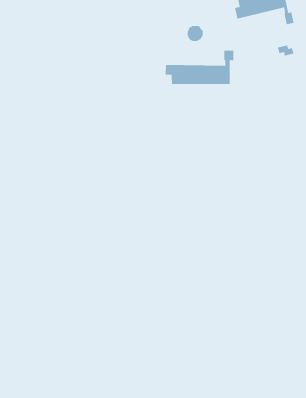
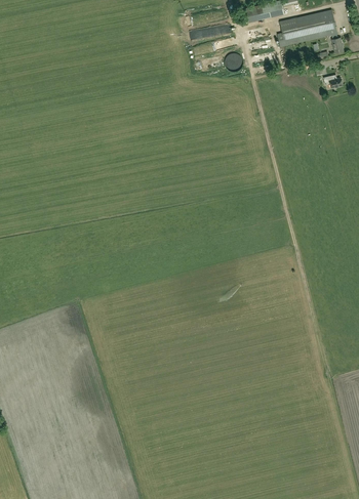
building: [165,50,234,85] -> none

